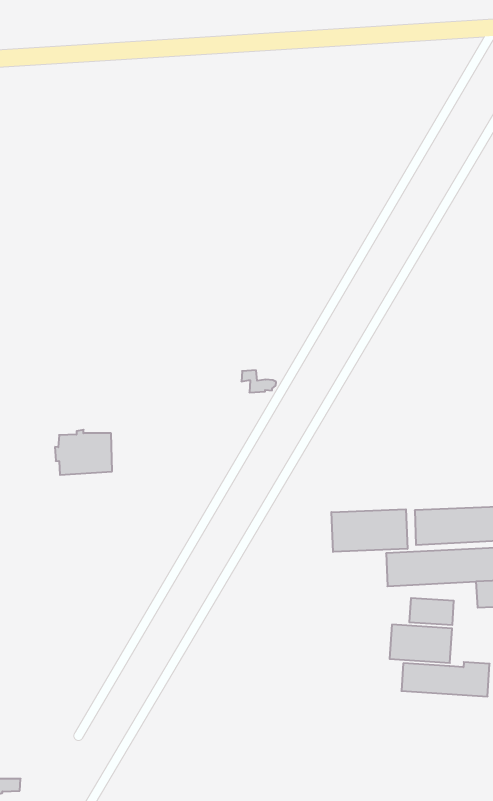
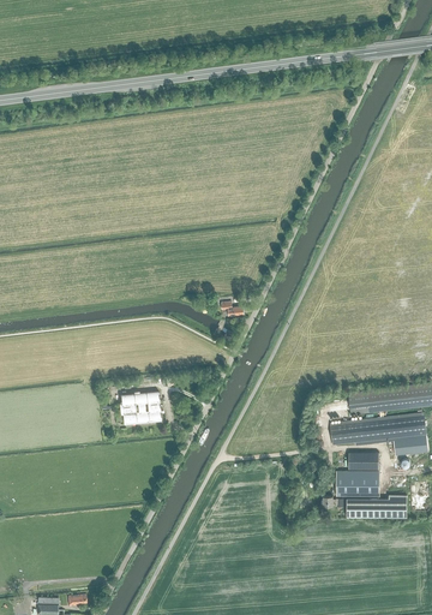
building: [55,430,112,475] -> [119,390,160,423]
building: [331,509,407,552] -> none

